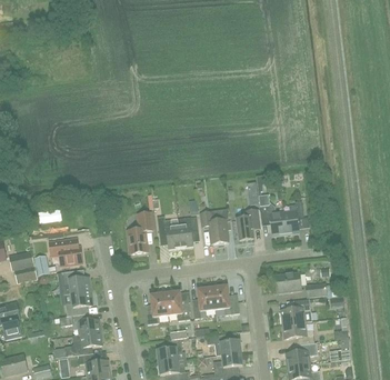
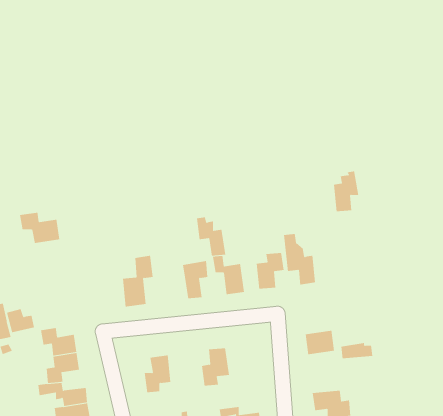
building: [282,200,303,233] -> [333,171,359,212]
building: [156,216,180,248] -> [196,217,226,256]
building: [48,240,81,266] -> [19,212,60,244]
building: [211,284,239,314] -> none
building: [164,290,189,320] -> none
building: [280,298,311,323] -> none

